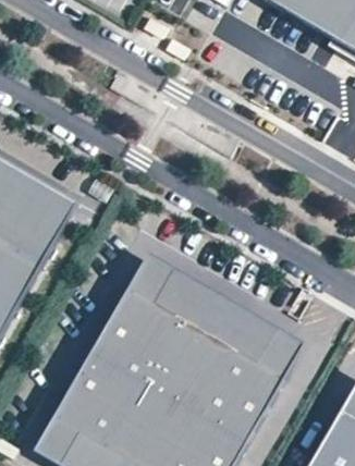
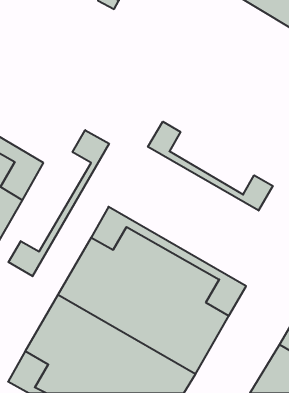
building: none -> [148,122,273,211]
building: none -> [8,130,109,276]

